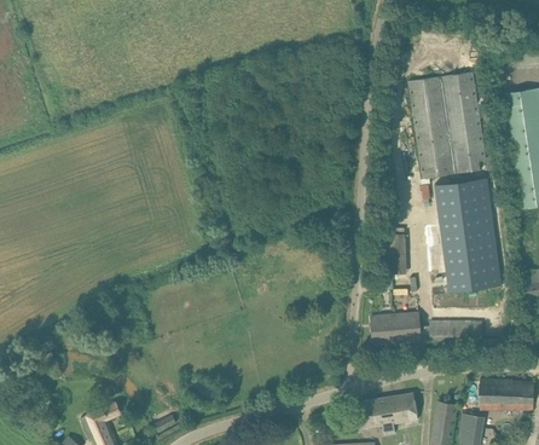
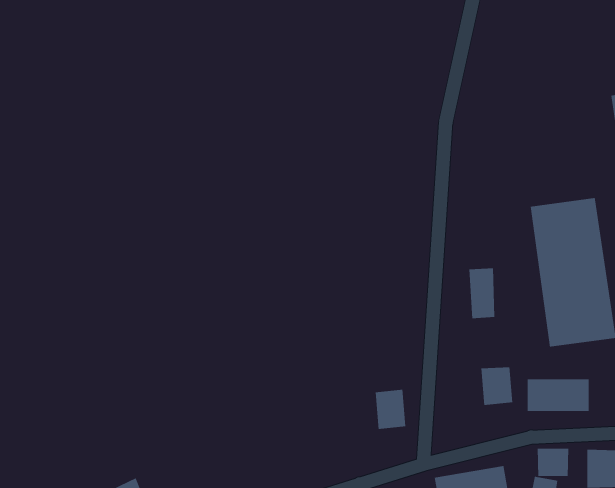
building: [410,71,486,178] -> none
building: [372,313,398,346] -> [375,389,406,430]
building: none -> [537,448,569,477]

